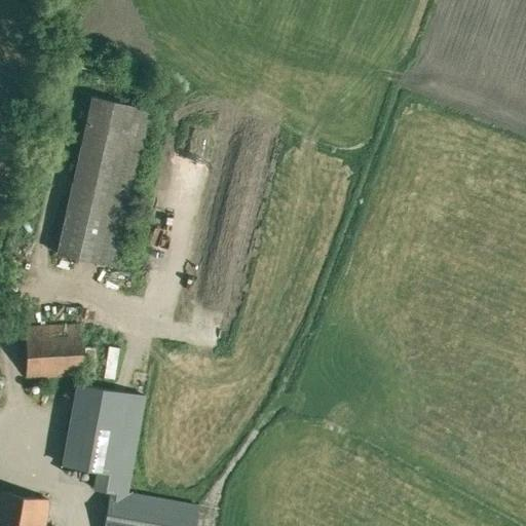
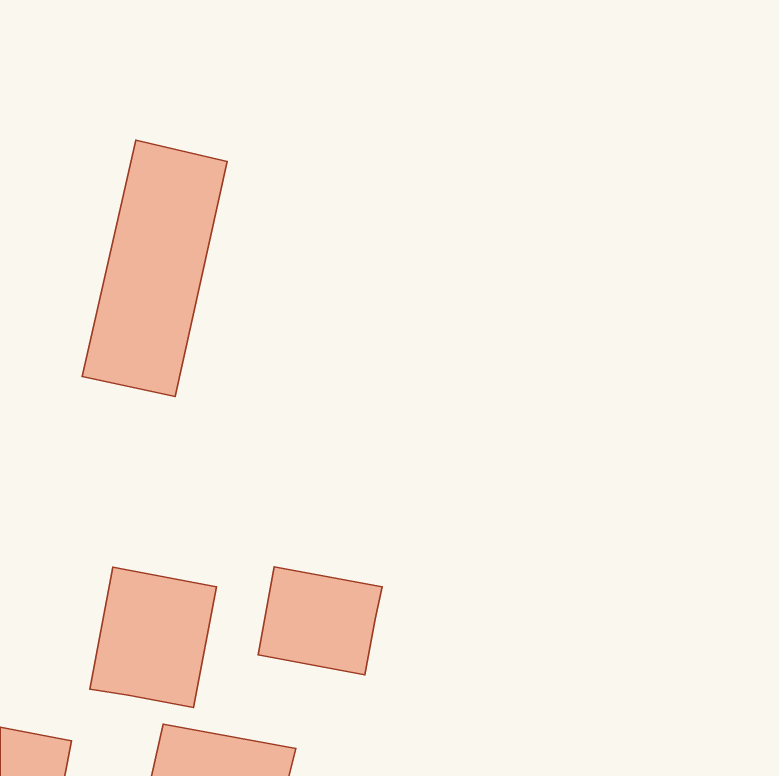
building: [26,325,81,380] -> none
building: none -> [258,567,382,675]

